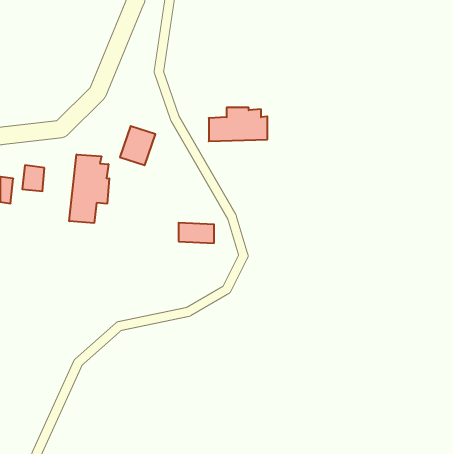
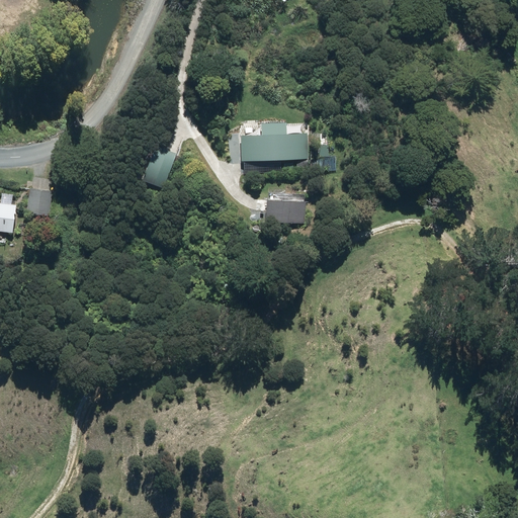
building: [69,154,109,223] -> none
building: [179,223,214,243] -> [263,199,304,223]

